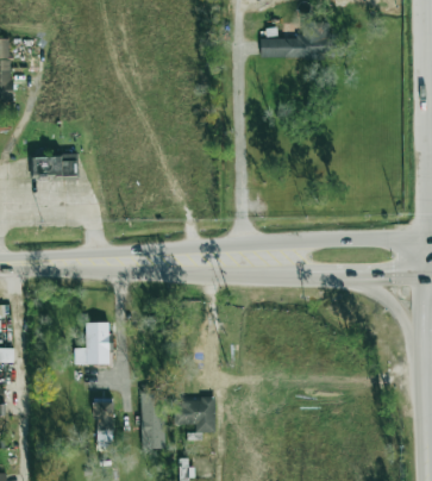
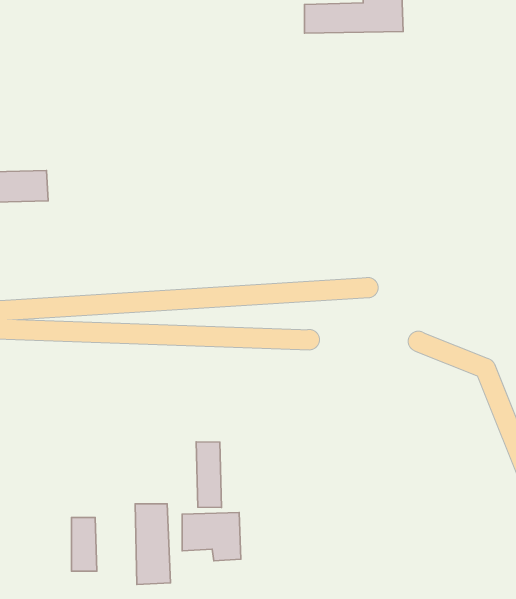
building: [86,323,109,366] -> none
building: none -> [196,442,222,507]

